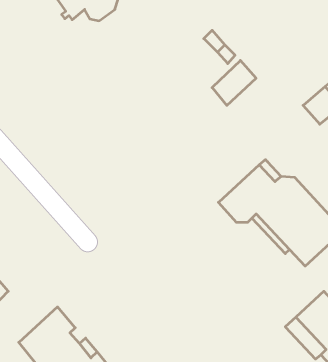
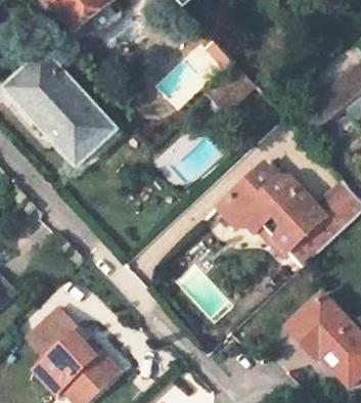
building: none -> [8,52,112,161]

